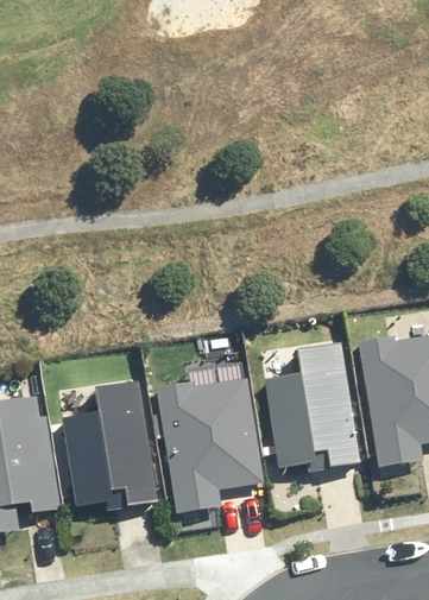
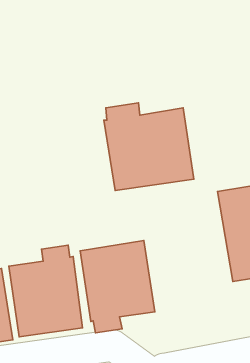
building: none -> [104,103,194,190]
building: [269,355,378,491] -> none

